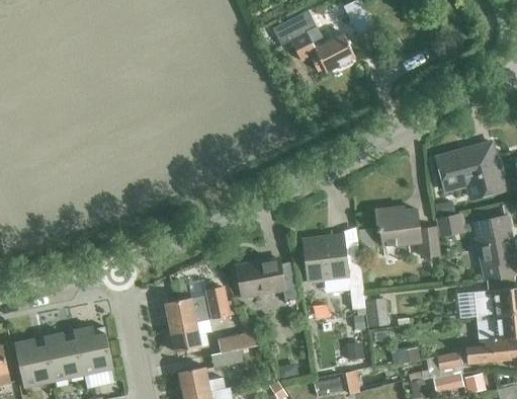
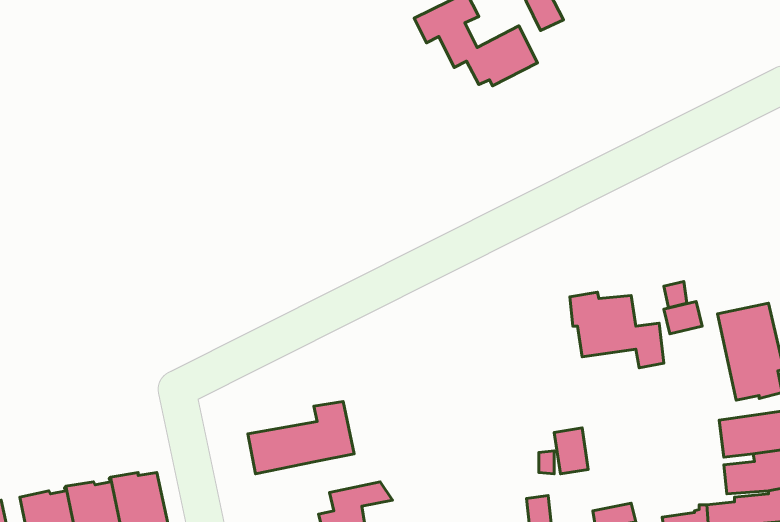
building: [436,143,504,195] -> none
building: [303,234,364,310] -> none
building: [239,259,298,302] -> none
building: [169,320,210,352] -> none

